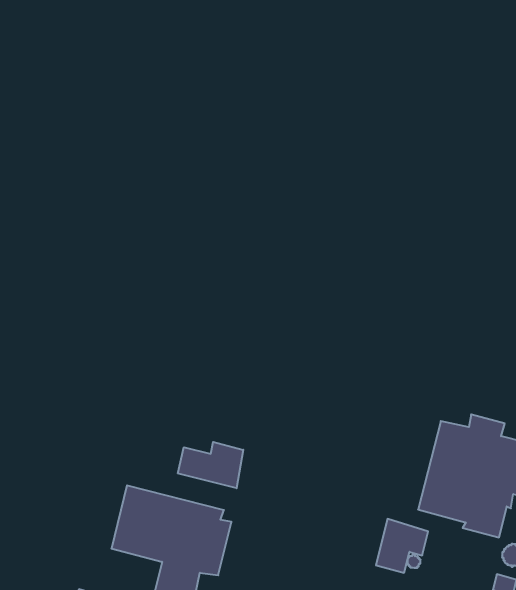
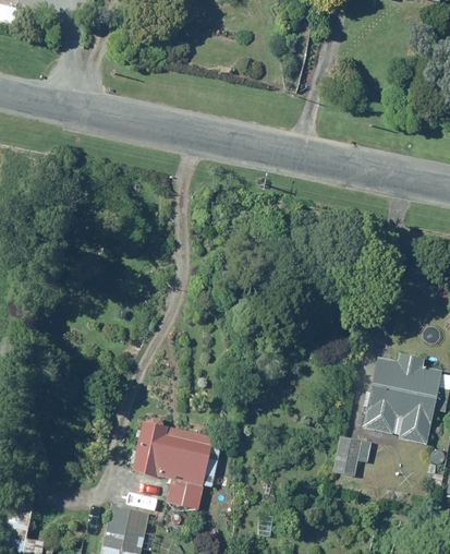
building: [178,442,243,488] -> none

